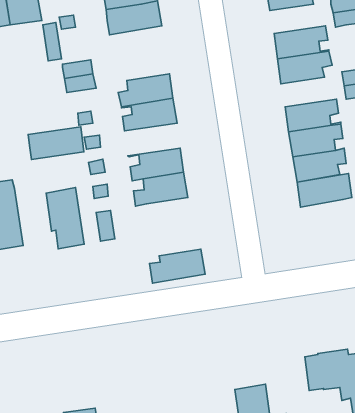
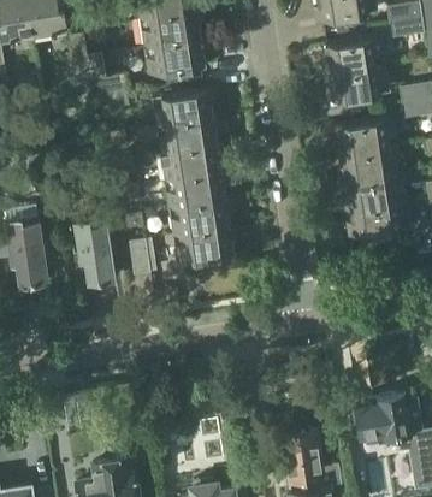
building: none -> [143,40,206,78]
building: [28,127,84,160] -> [160,147,221,183]
building: [149,249,205,283] -> [173,229,235,266]

